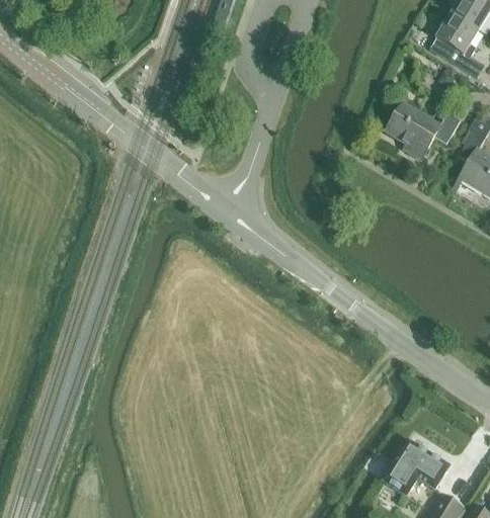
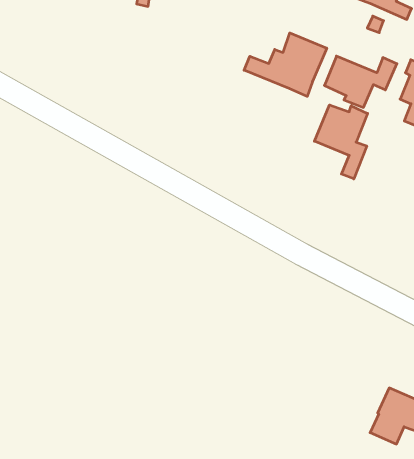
building: none -> [244,33,327,96]
building: none -> [314,105,368,179]

